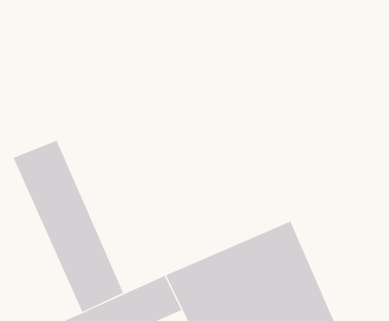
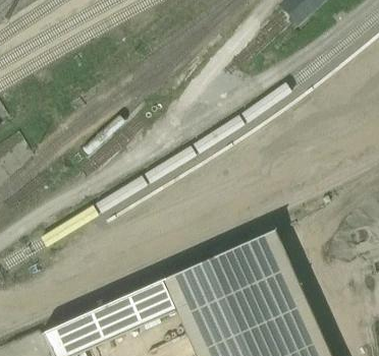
building: [13,140,124,313] -> none

